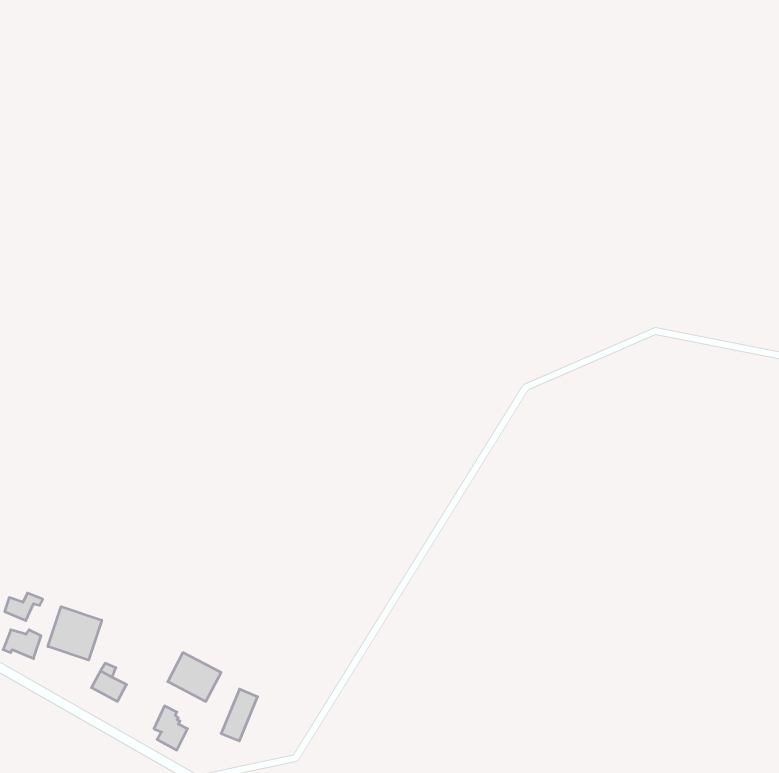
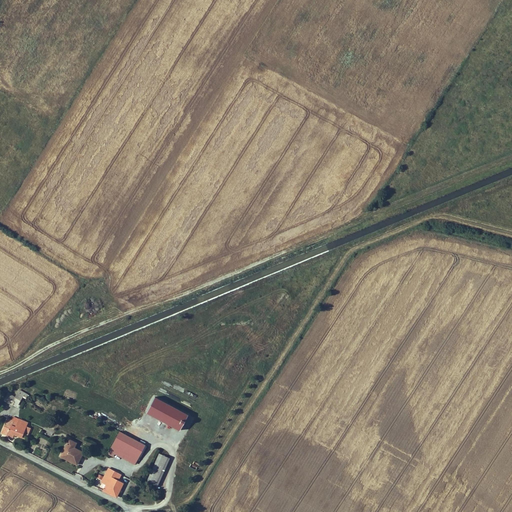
building: none -> [145,399,187,432]
building: [48,607,102,660] -> none

